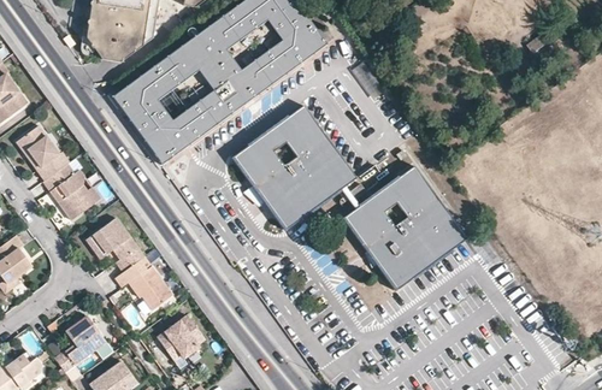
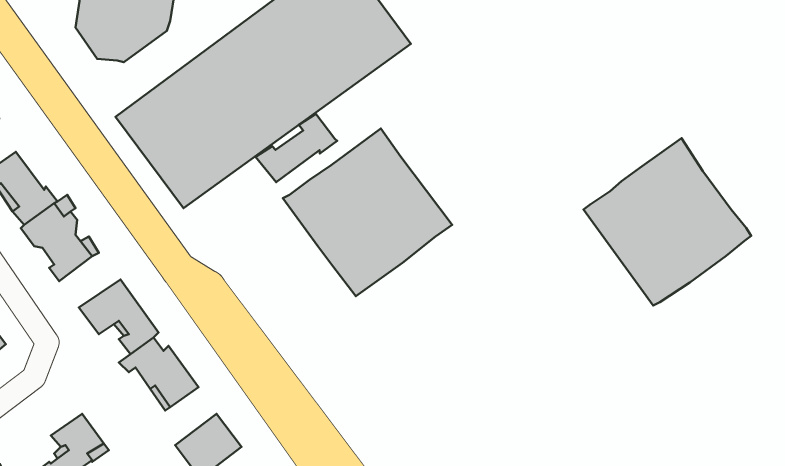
building: none -> [256,114,337,182]
building: [342,166,464,288] -> [583,138,751,306]

